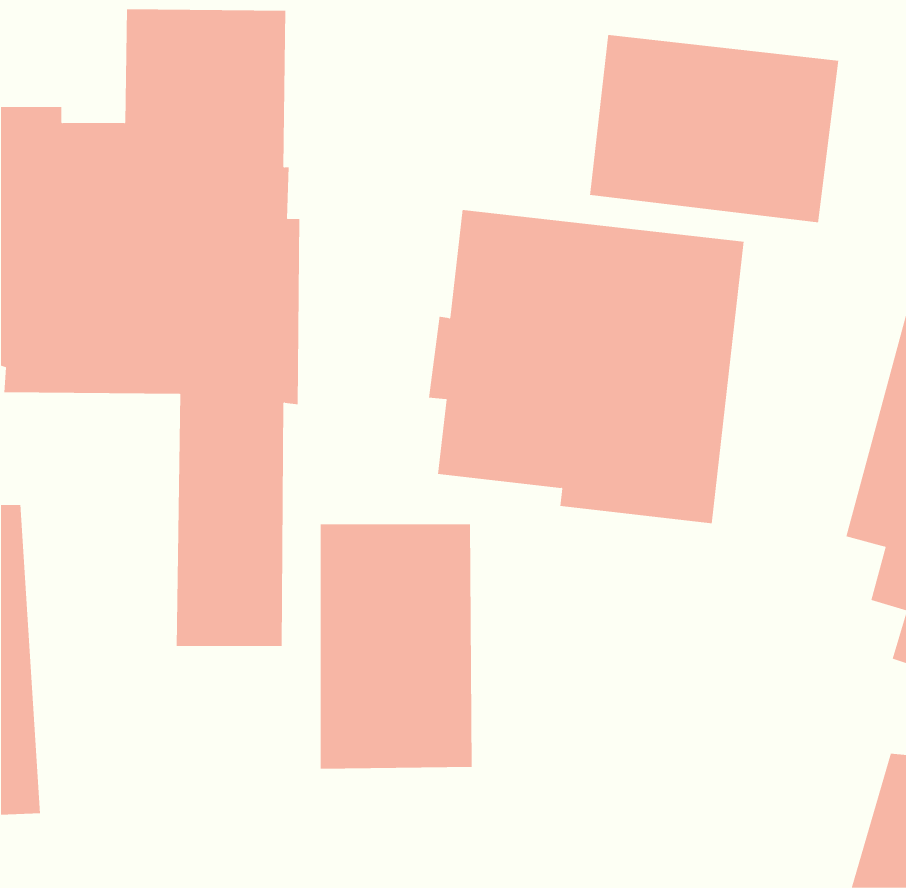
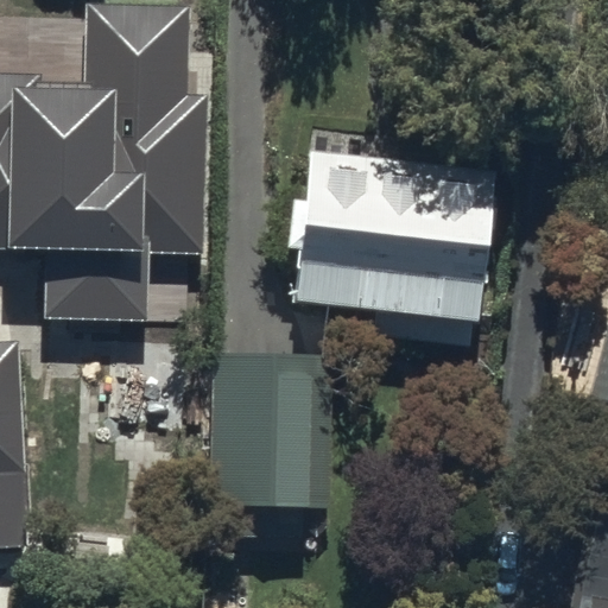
building: [590,34,839,223] -> none

